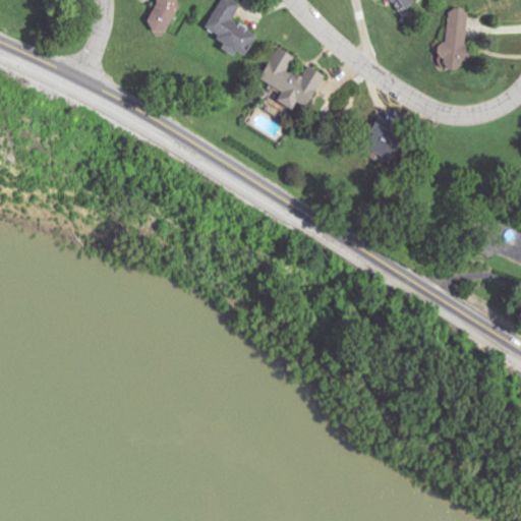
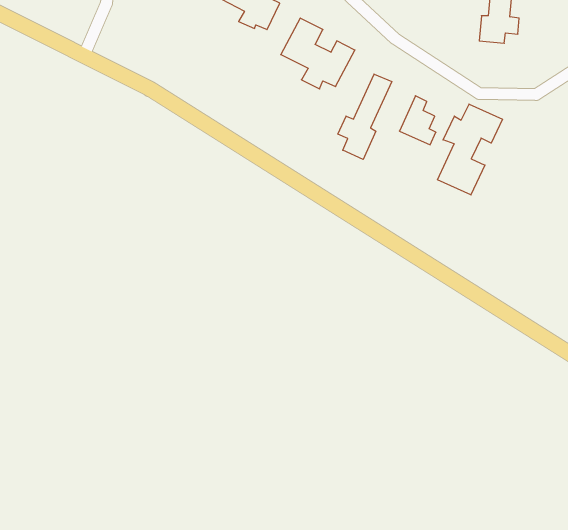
building: none -> [338,74,392,159]
building: none -> [437,104,503,195]

